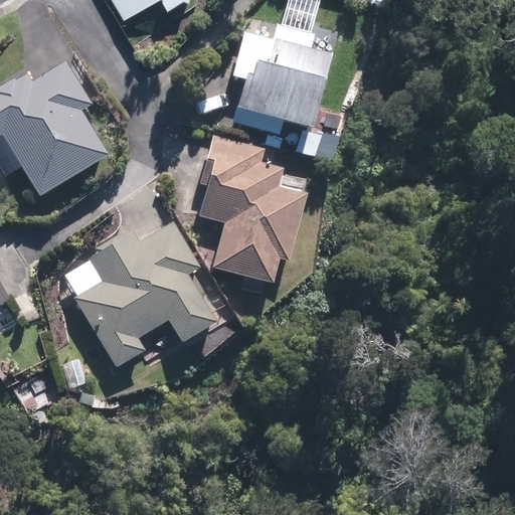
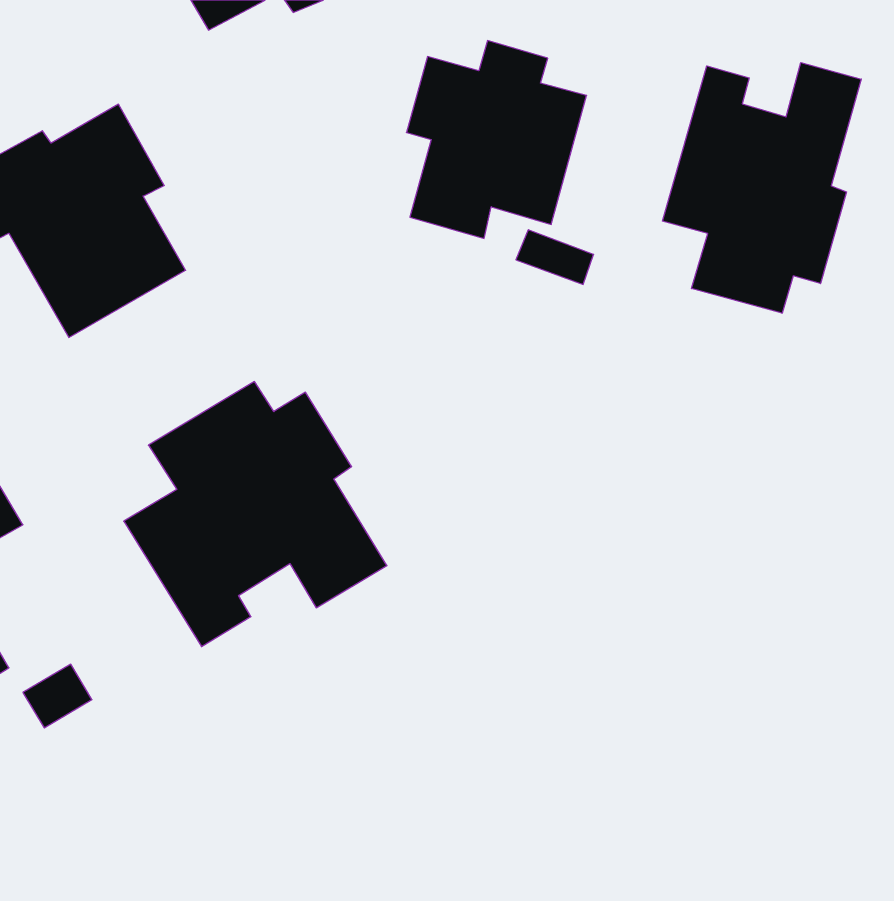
building: none -> [663,63,861,313]
building: [195,138,308,285] -> none

